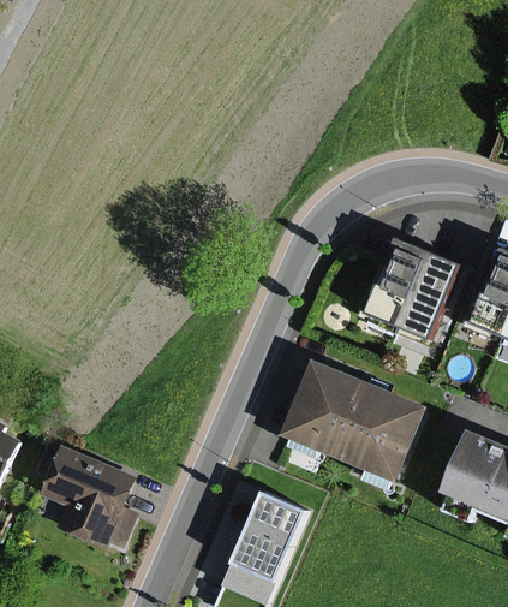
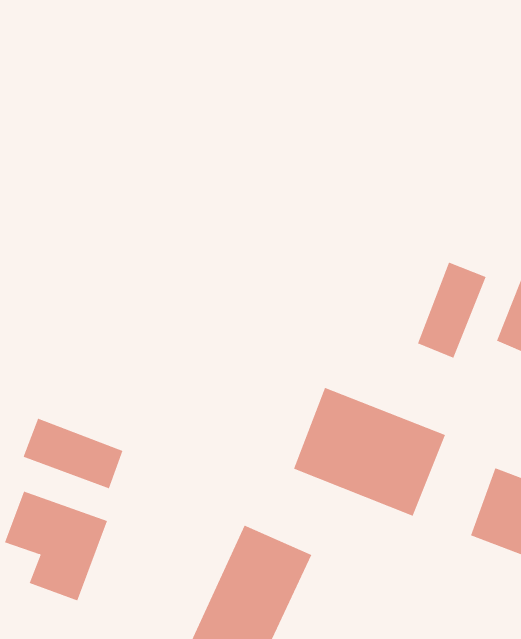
building: [367,242,429,326] -> none
building: none -> [23,418,123,489]

